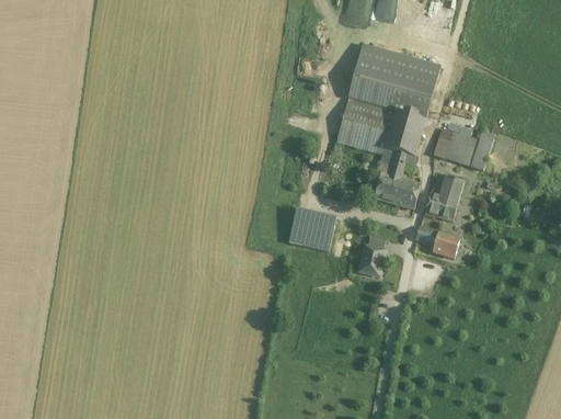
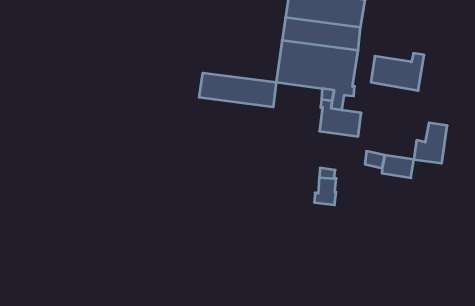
building: none -> [199,73,276,107]
building: [424,175,463,219] -> [414,123,447,163]
building: [289,206,335,244] -> none

